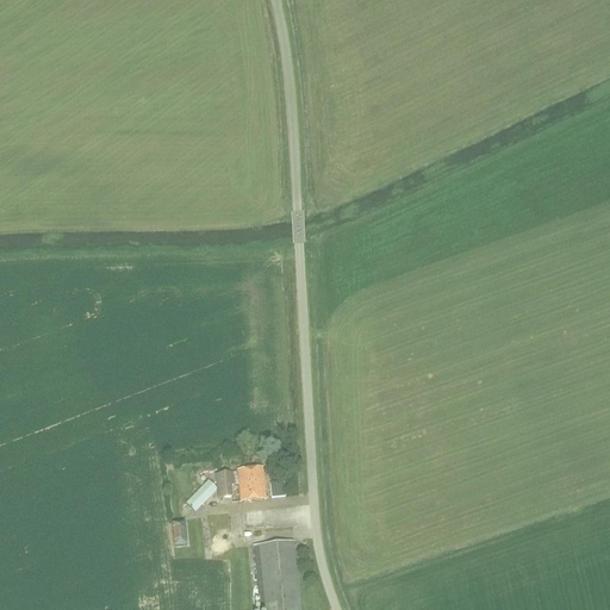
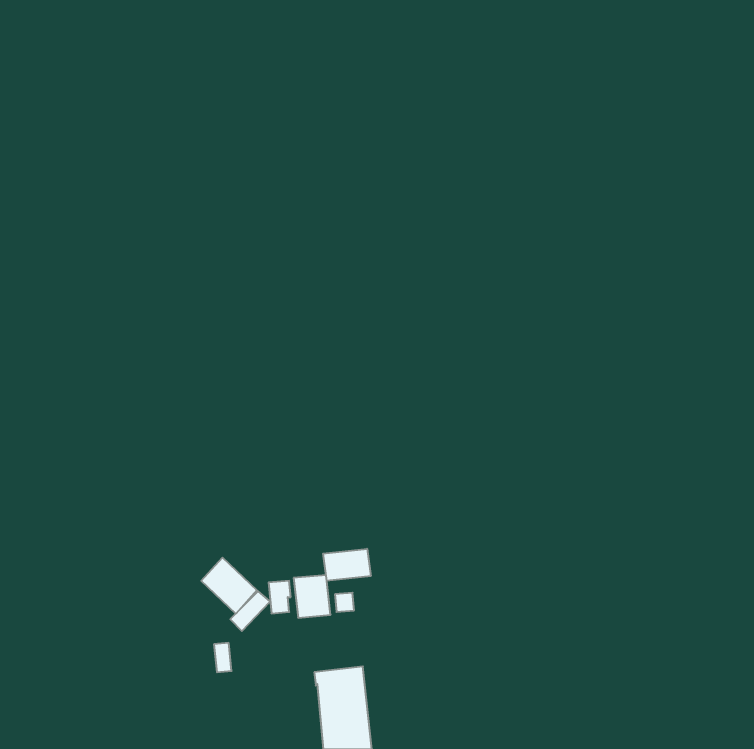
building: none -> [323,549,371,581]
building: none -> [201,558,257,614]

